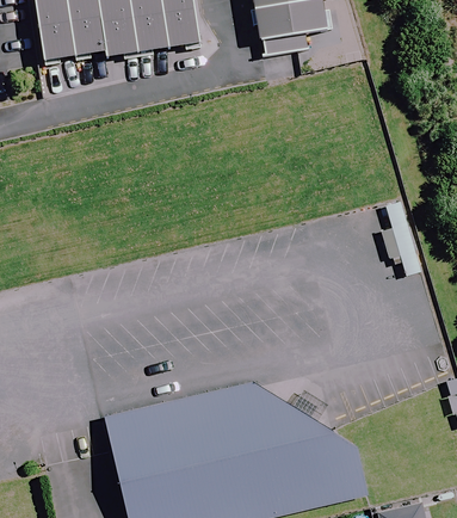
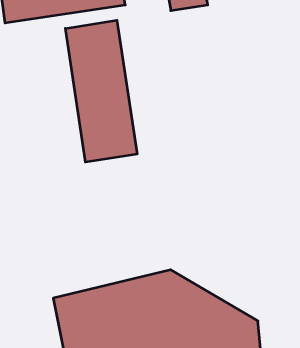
building: none -> [65,20,137,162]

